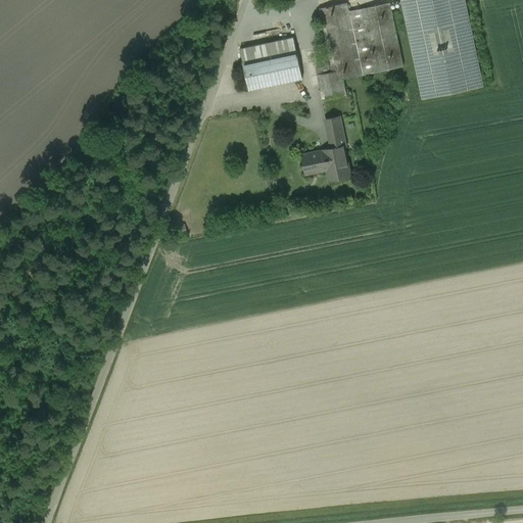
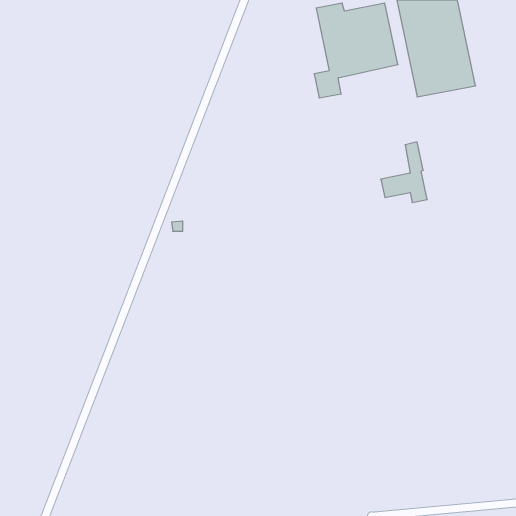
building: [240,37,302,90] -> none
building: [302,116,349,178] -> [381,142,427,203]

